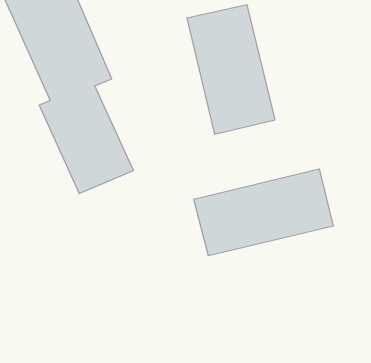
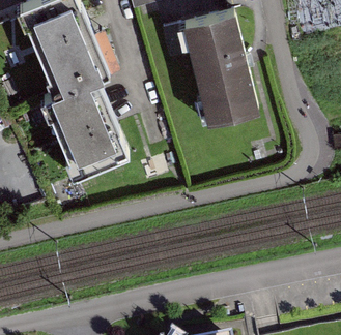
building: [194,169,333,256] -> none

